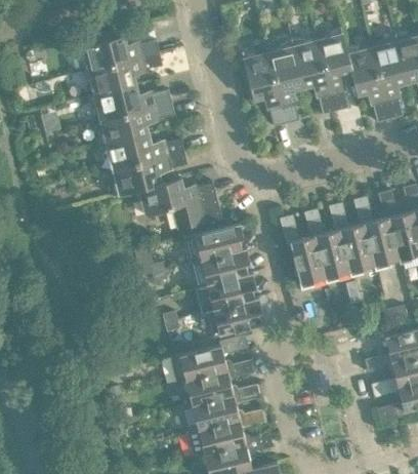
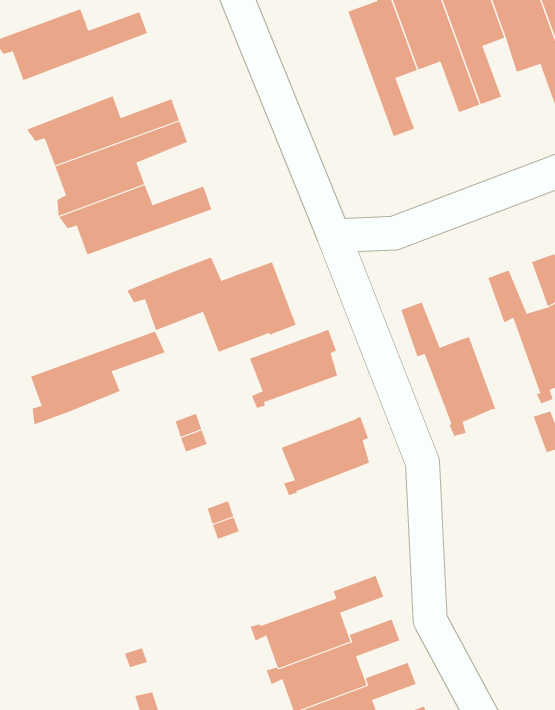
building: [242,51,286,126] -> none
building: [87,52,162,97] -> none
building: [112,152,187,196] -> [30,331,165,425]
building: [304,208,350,283] -> none
building: [200,248,249,287] -> none
building: [212,298,261,337] -> none
building: [169,334,248,382] -> none

